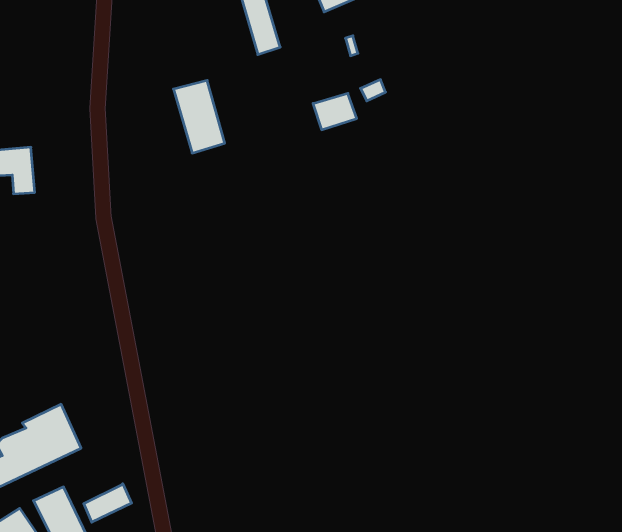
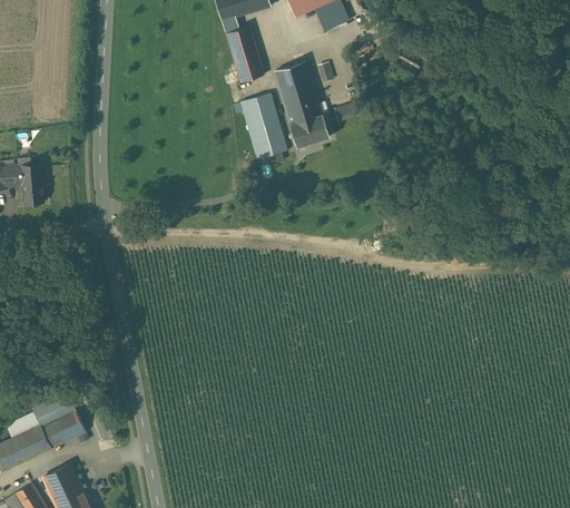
building: none -> [276,61,322,124]
building: [173,80,225,153] -> [239,94,285,158]
building: [84,484,132,522] -> none

